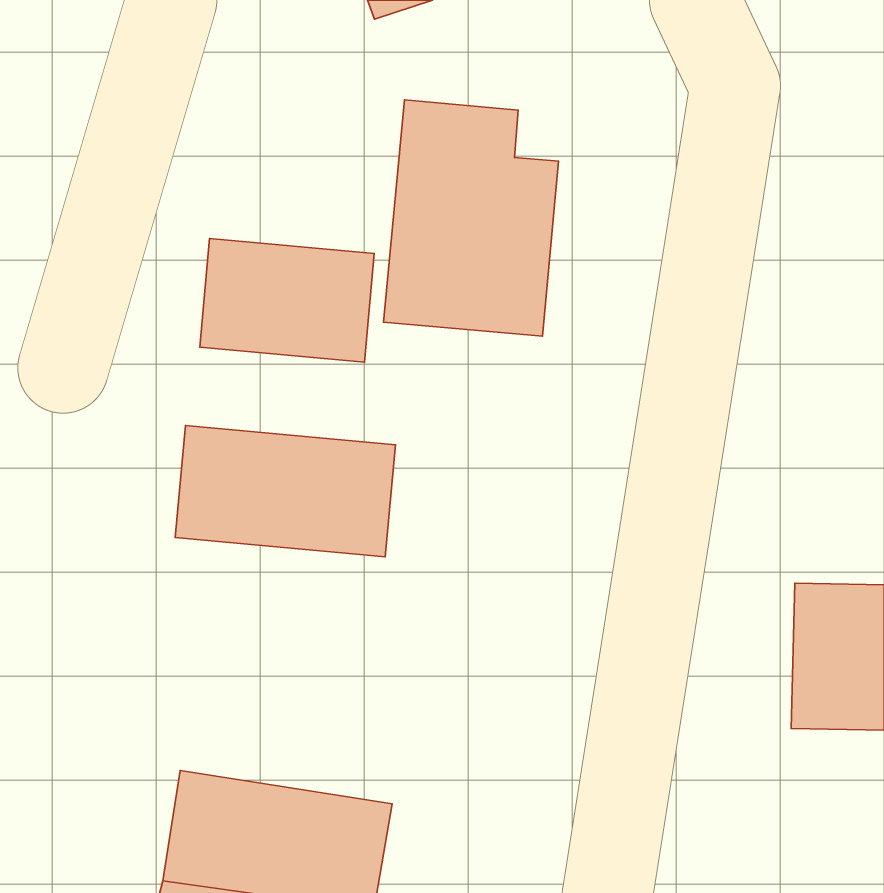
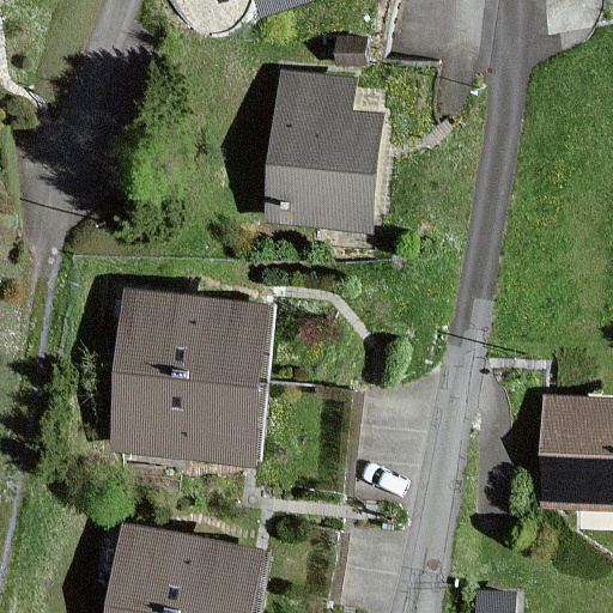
building: [200,239,374,362] -> none
building: none -> [111,369,263,460]

